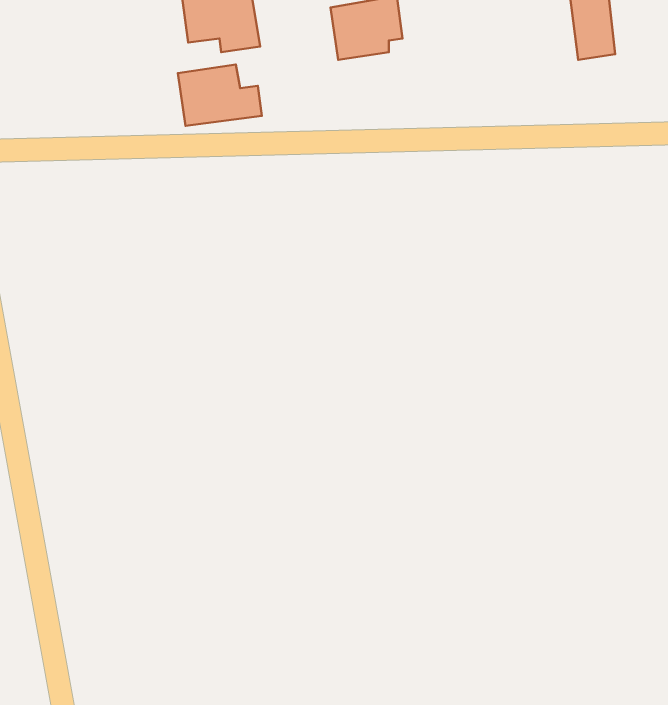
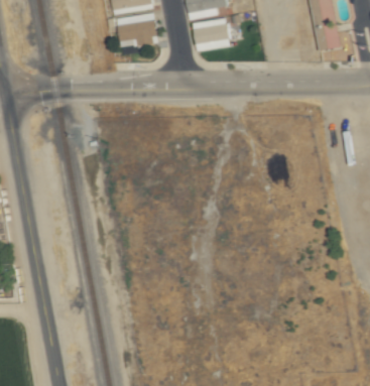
building: [178,64,262,126] -> none

